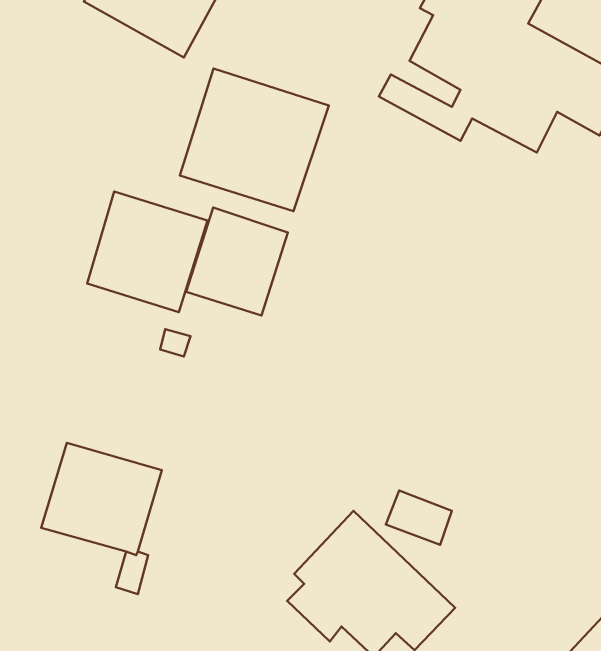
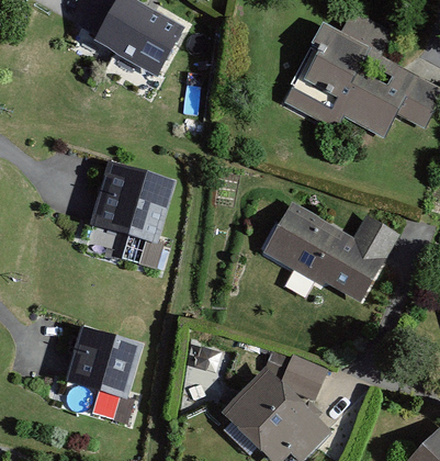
building: [180,69,329,211] -> none
building: [186,208,288,316] -> none
building: none -> [262,202,398,302]

